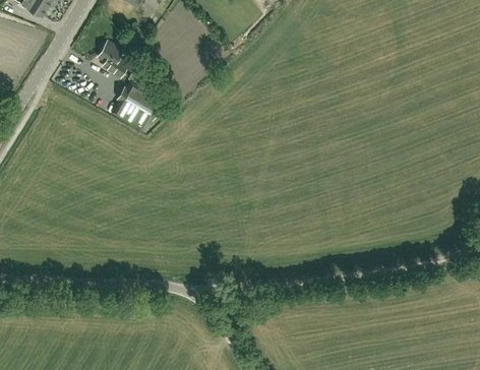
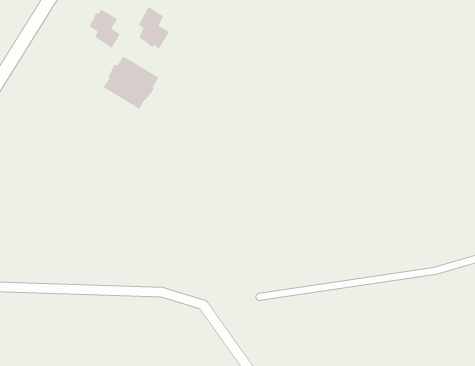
building: none -> [138,6,170,49]

